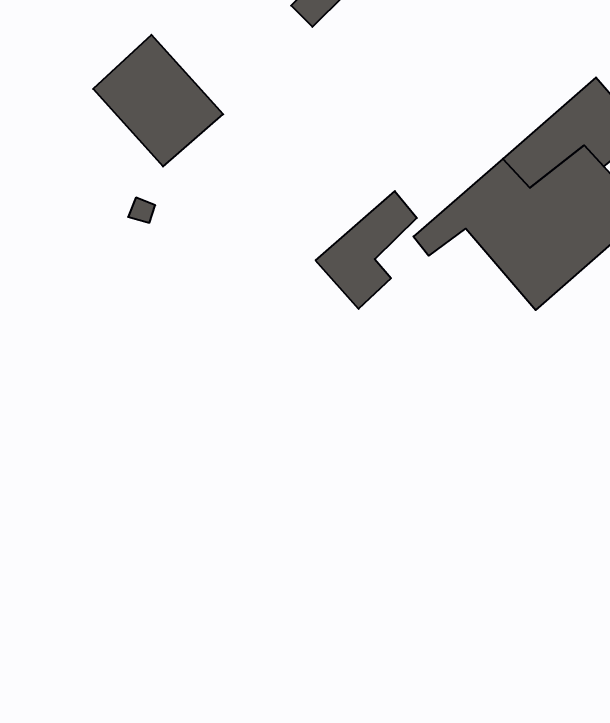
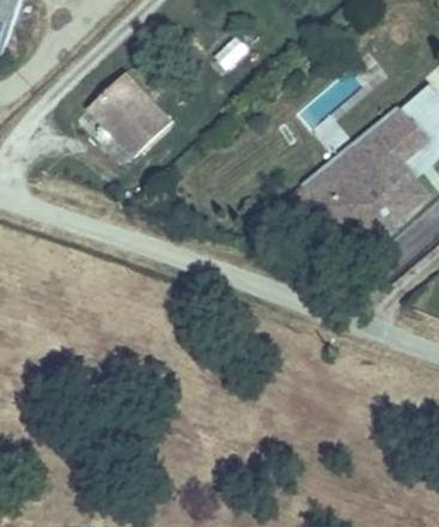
building: [316,191,417,309] -> none

